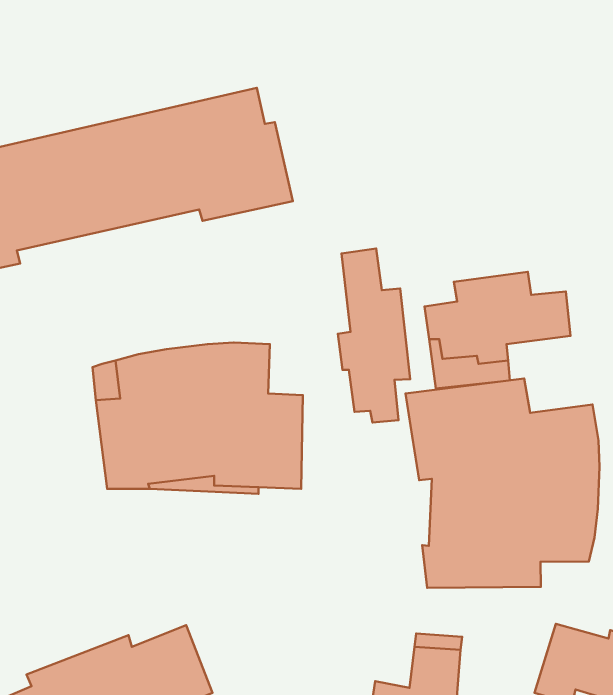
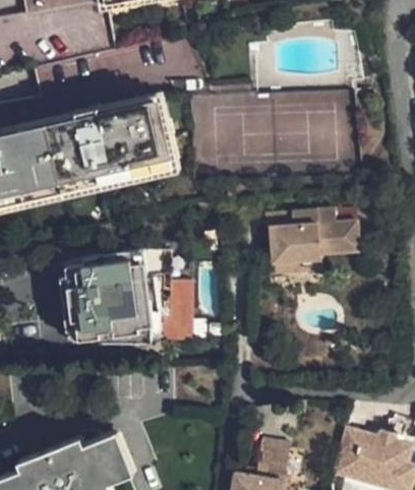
building: [338,248,410,423] -> none
building: [405,379,600,588] -> none

